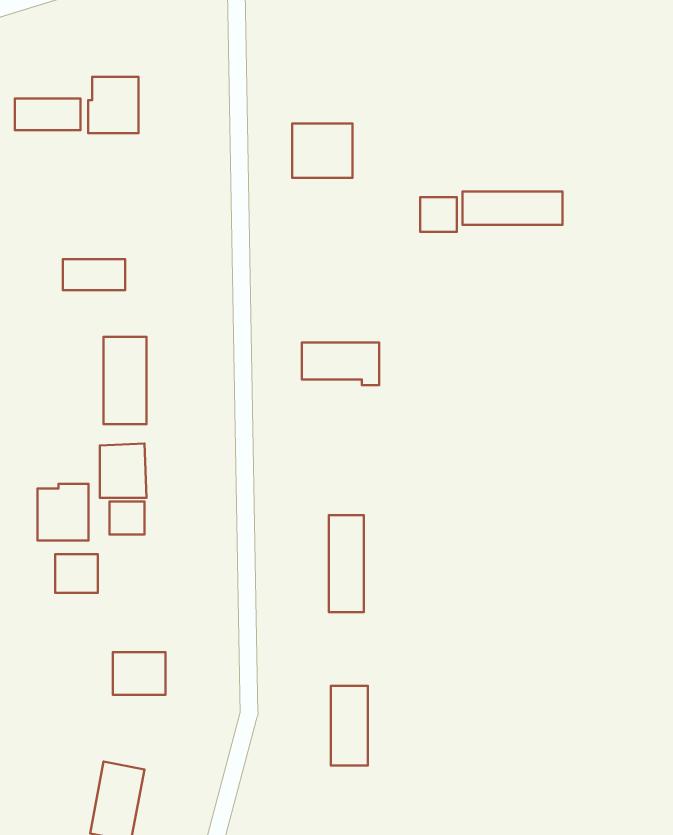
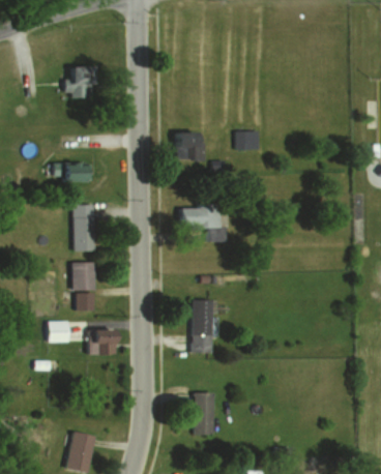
building: [15,99,80,130] -> none
building: [292,123,352,178] -> [173,131,205,160]
building: [462,191,563,225] -> none
building: [38,484,88,540] -> none
building: [113,652,165,695] -> [89,330,117,353]

